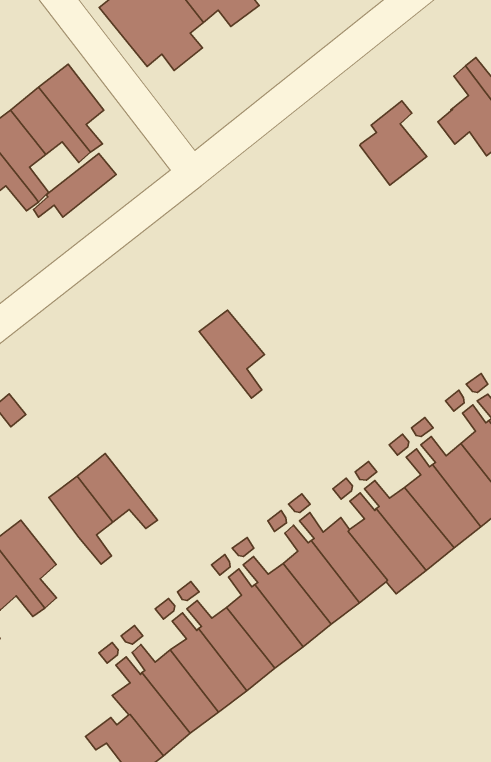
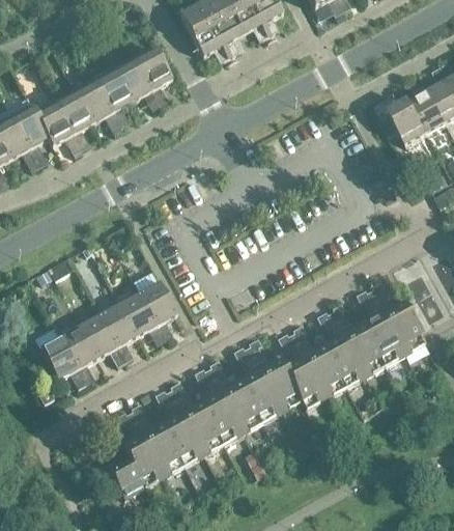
building: [360,101,427,185] -> none
building: [33,153,116,217] -> none
building: [199,310,265,398] -> [140,282,178,339]
building: none -> [81,314,126,365]

